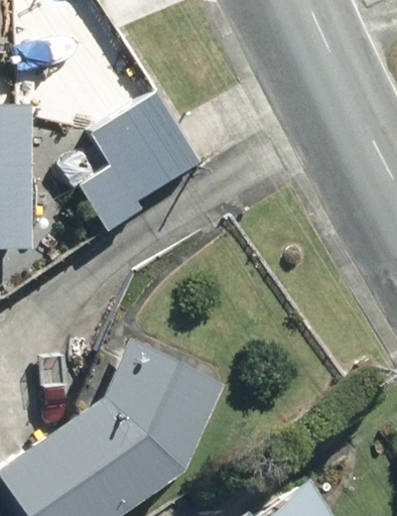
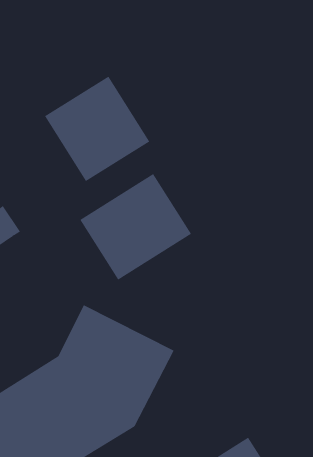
building: none -> [79,173,192,281]

